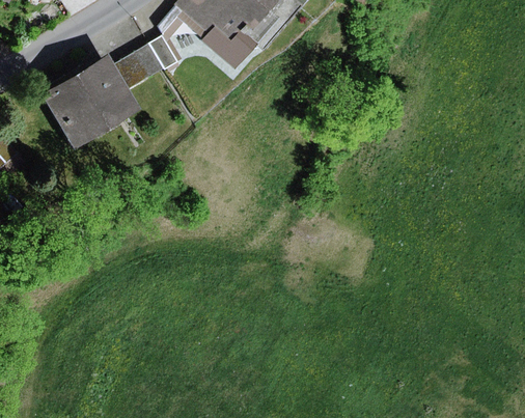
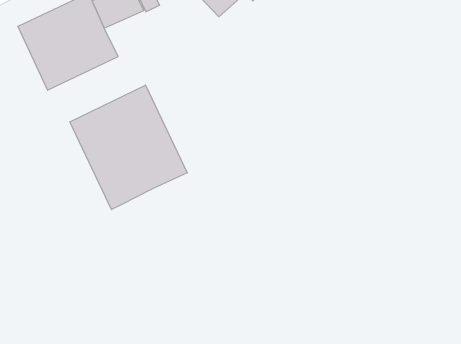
building: none -> [70,85,187,210]

